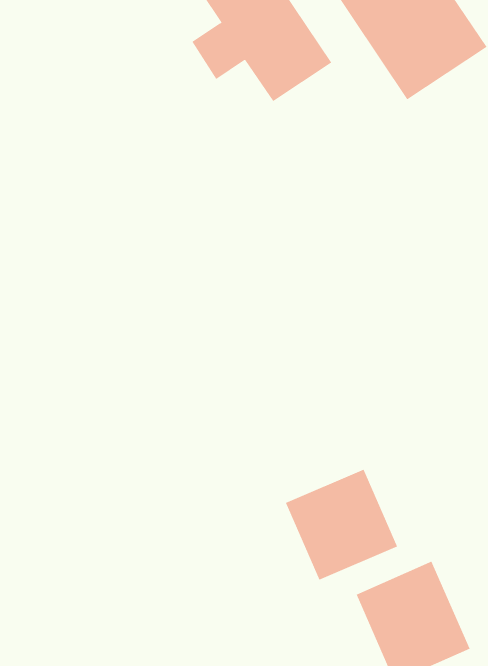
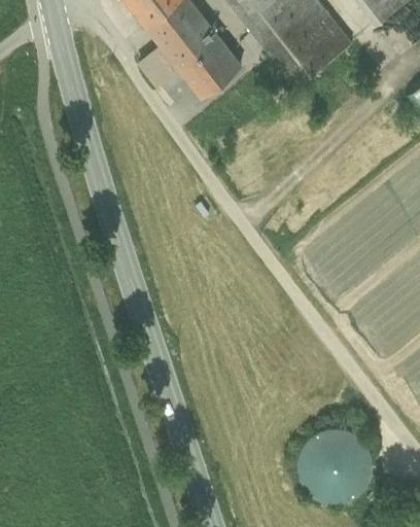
building: [285,469,398,581] -> none

